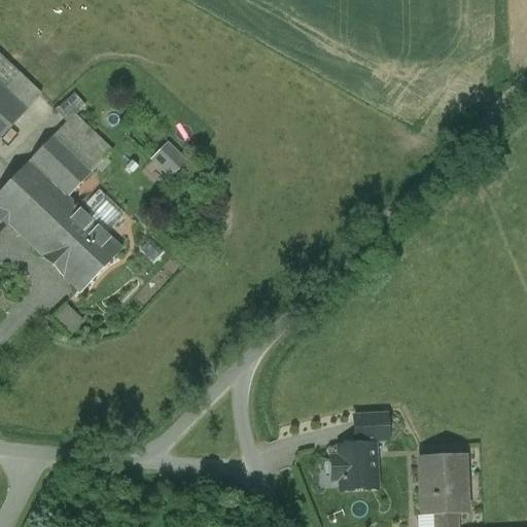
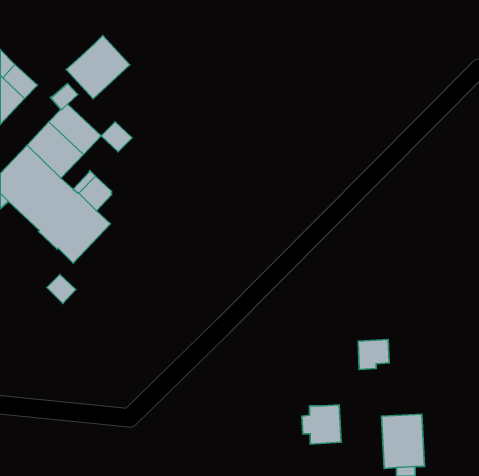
building: none -> [66,36,130,99]
building: [152,141,186,174] -> [101,122,132,152]
building: [353,413,387,446] -> [358,339,389,369]

